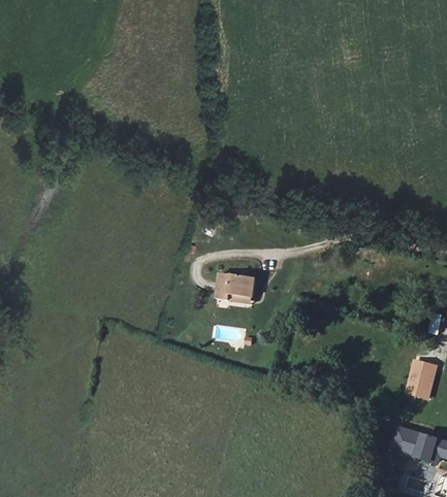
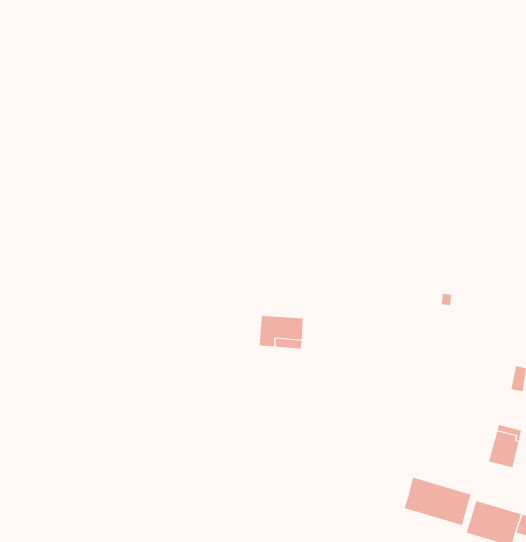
building: none -> [404,477,471,526]

